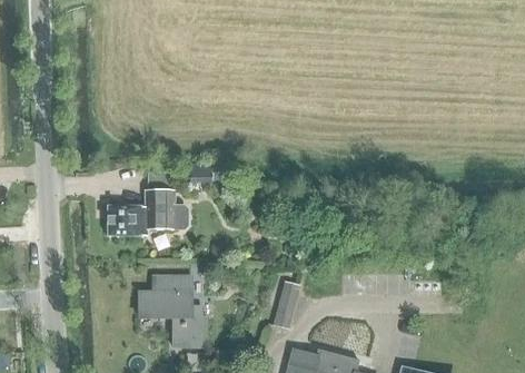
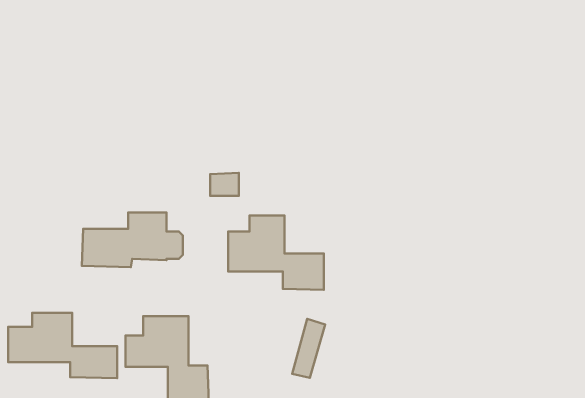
building: none -> [228,216,324,290]
building: none -> [8,313,117,378]

